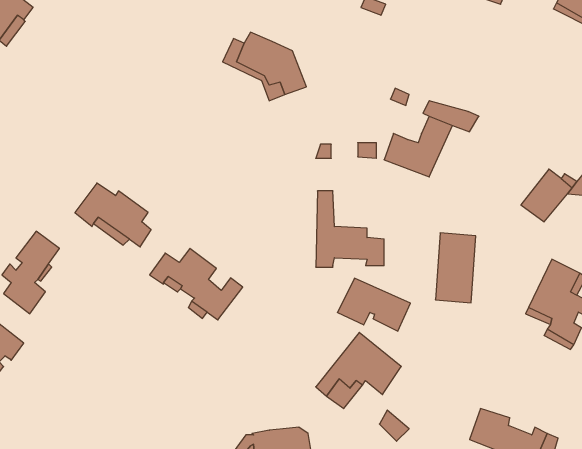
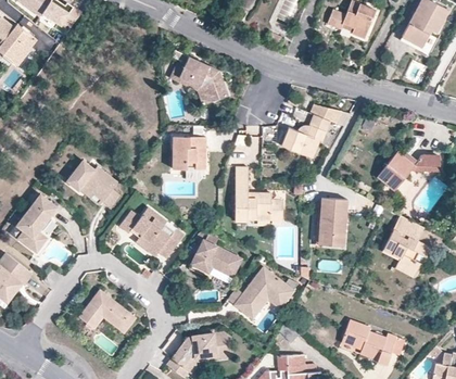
building: none -> [173,136,204,168]
building: [337,278,410,331] -> [190,239,241,276]
building: none -> [78,290,137,333]

